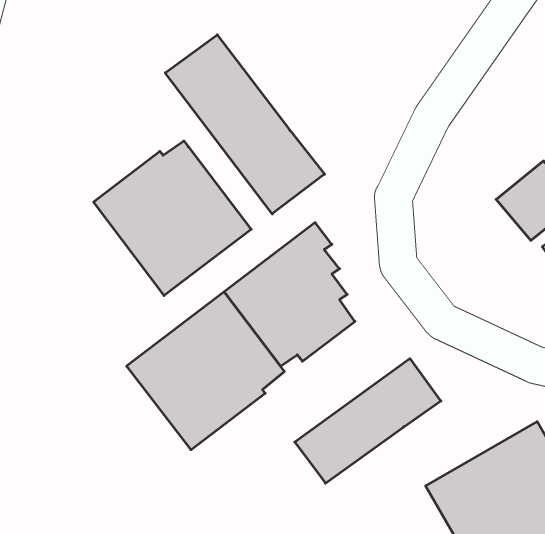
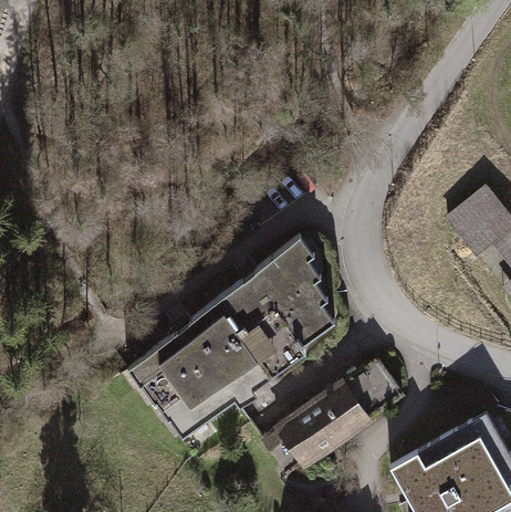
building: [165,35,325,214] -> none
building: [94,141,251,296] -> none

